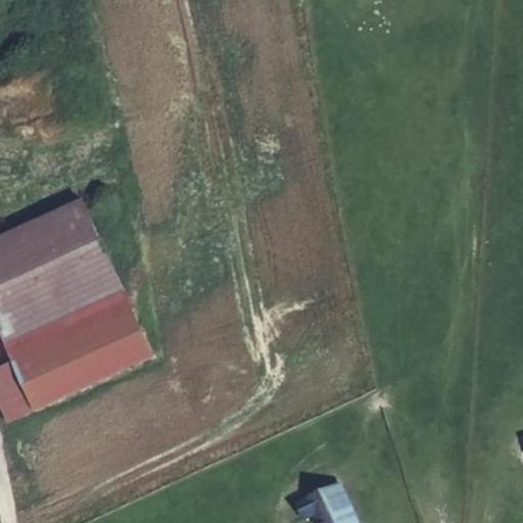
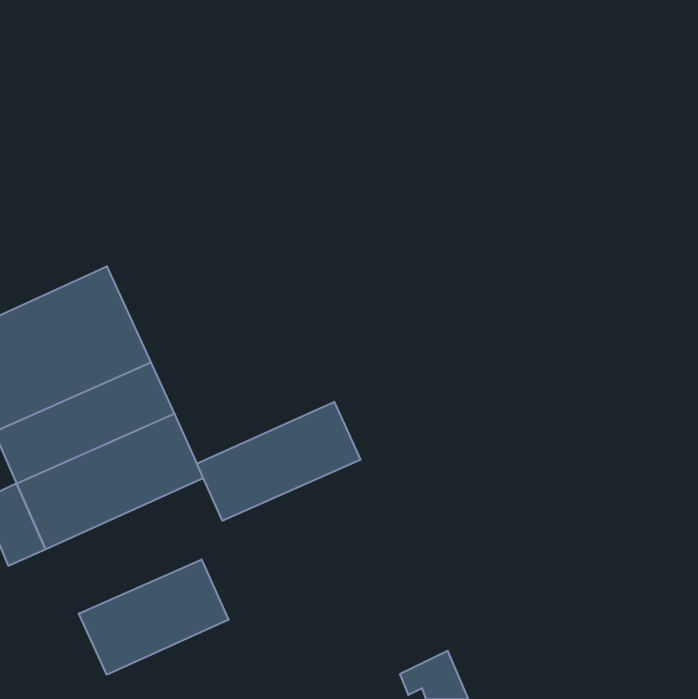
building: none -> [197,402,361,521]
building: none -> [79,559,229,675]

